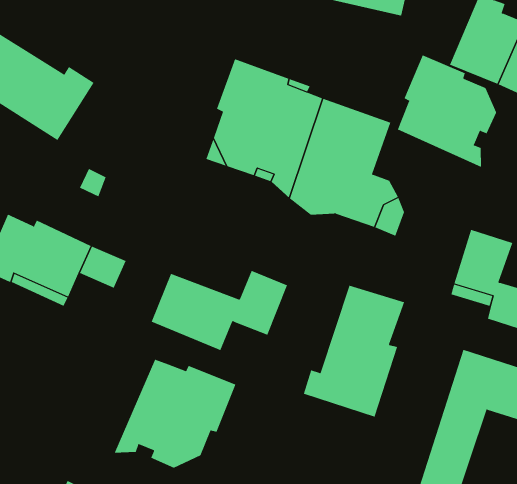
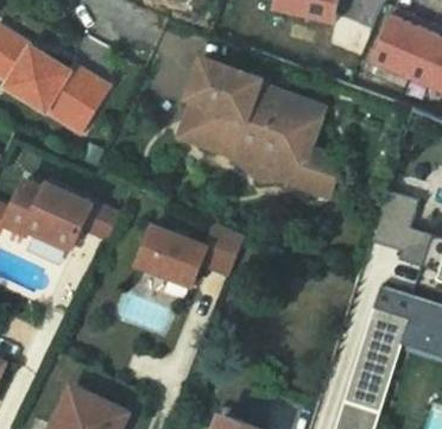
building: [397,55,497,168] -> none
building: [303,285,405,417] -> none
building: [114,359,236,468] -> none

